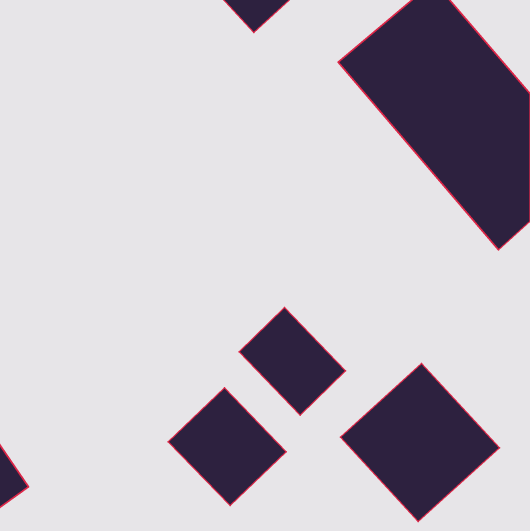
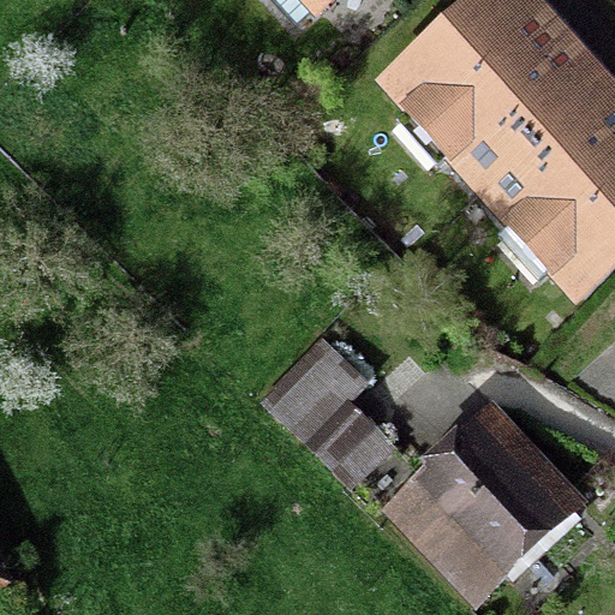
building: [168,388,286,506] -> none

